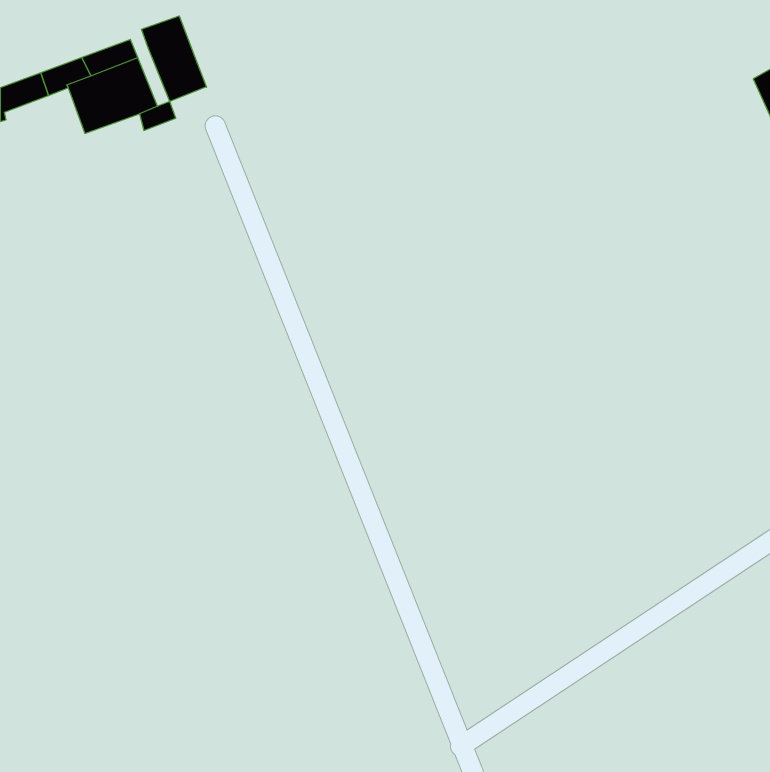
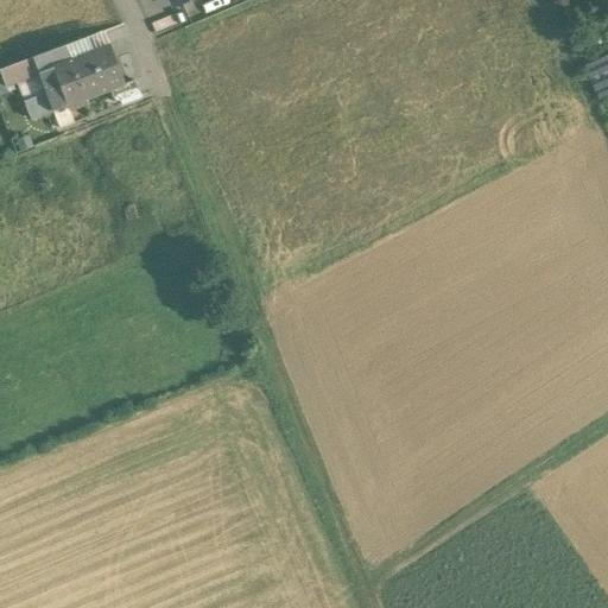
building: [142,16,206,102] -> none
building: none -> [26,69,70,119]

